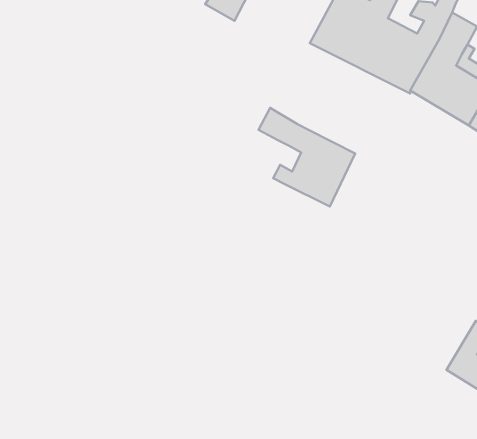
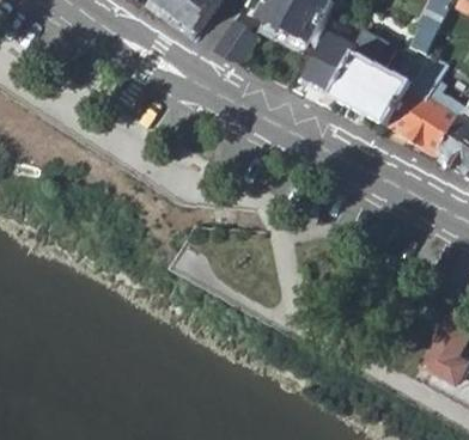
building: [259,108,355,207] -> none

